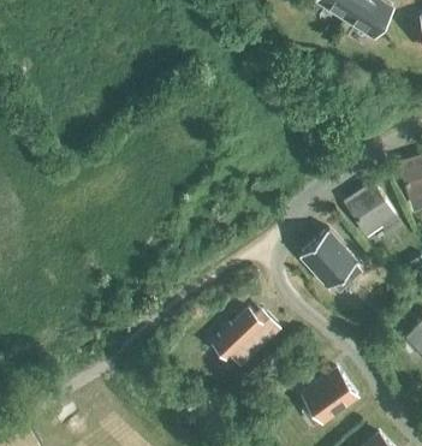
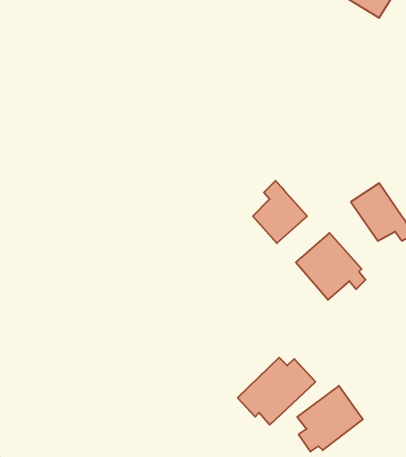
building: none -> [253,181,307,243]
building: [210,305,280,365] -> [238,358,315,425]

